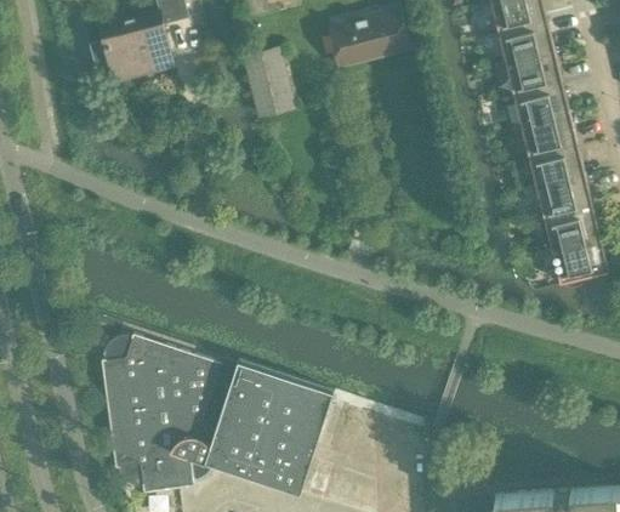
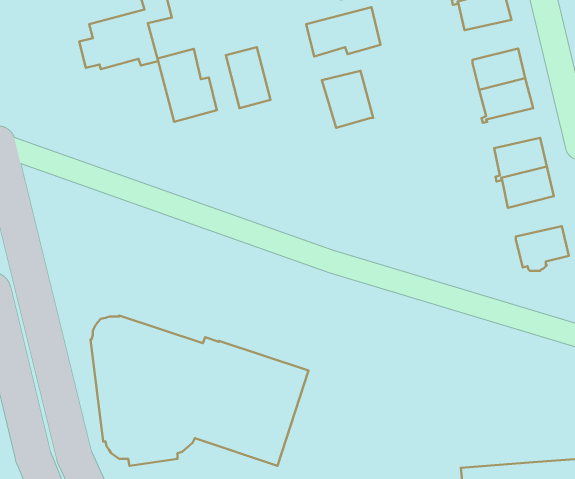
building: [496,22,553,69] -> none
building: none -> [158,49,217,122]
building: none -> [322,71,373,128]
building: [519,115,576,158] -> none
building: [542,209,599,256] -> none

